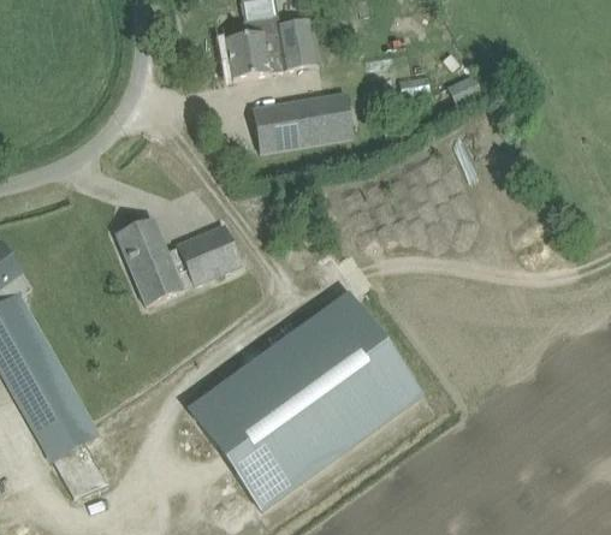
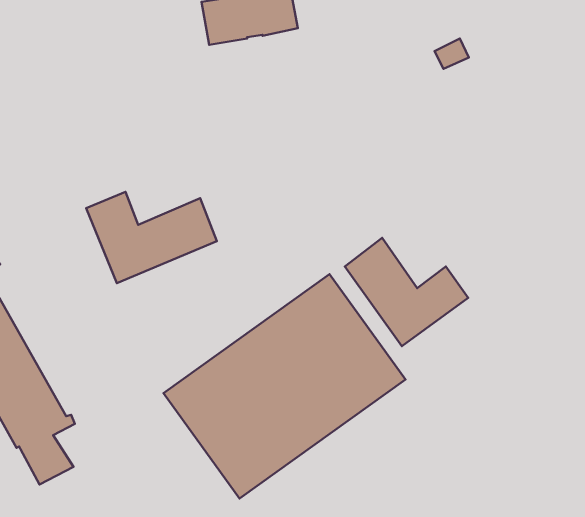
building: [251,90,352,148] -> none
building: none -> [345,238,468,346]

